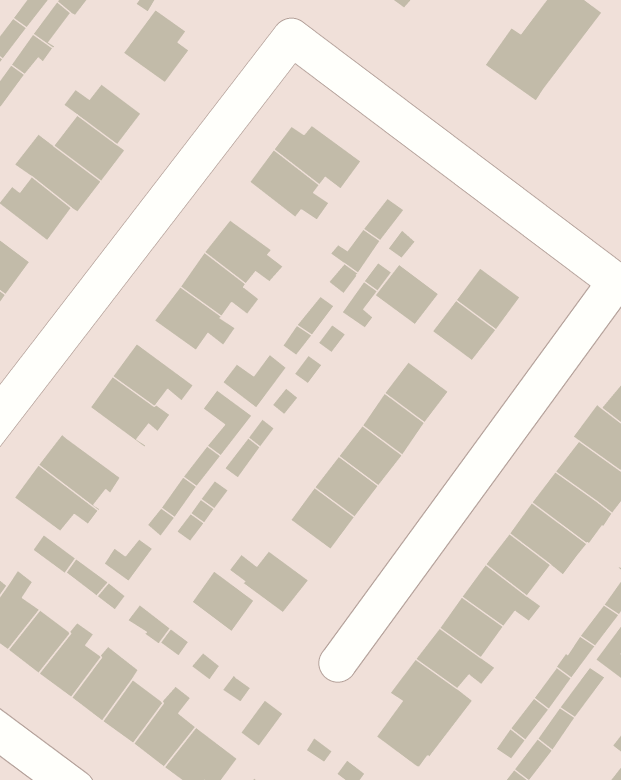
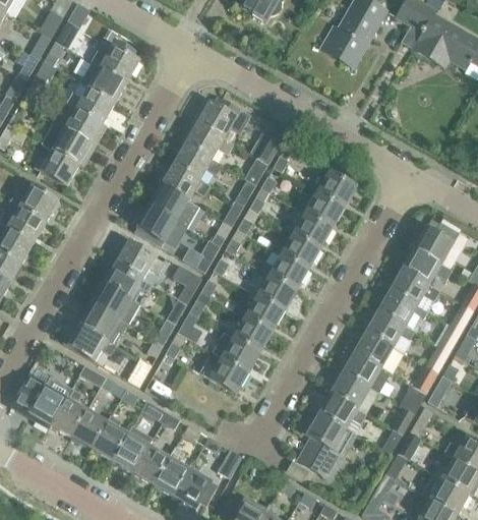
building: none -> [80,63,126,103]
building: none -> [175,136,221,176]
building: [375,264,439,325] -> [293,214,332,249]
building: none -> [88,282,139,325]
building: [192,571,254,632] -> [222,338,259,373]

